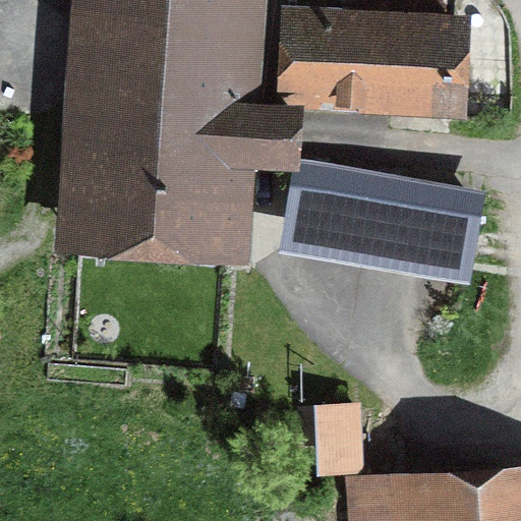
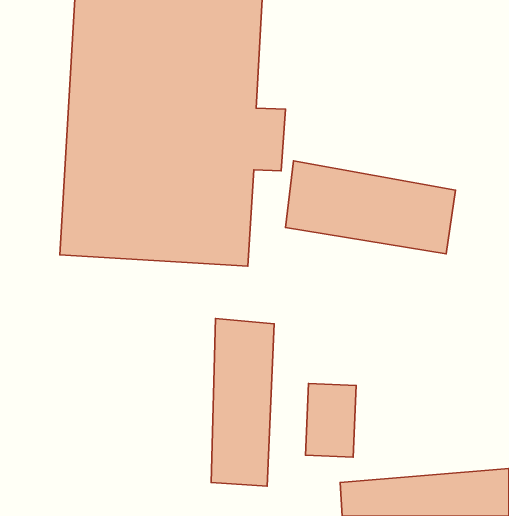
building: [285,14,447,101] -> none
building: none -> [211,319,274,486]

